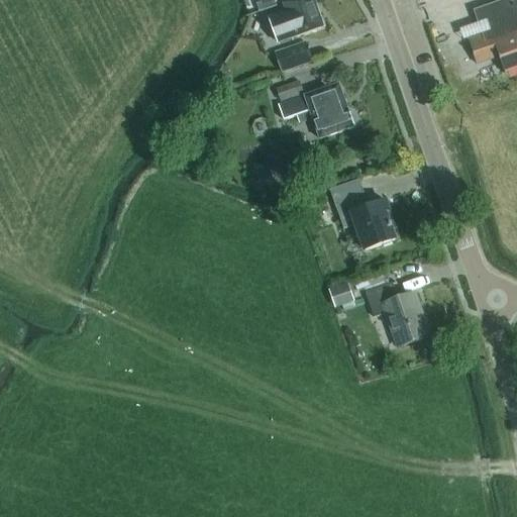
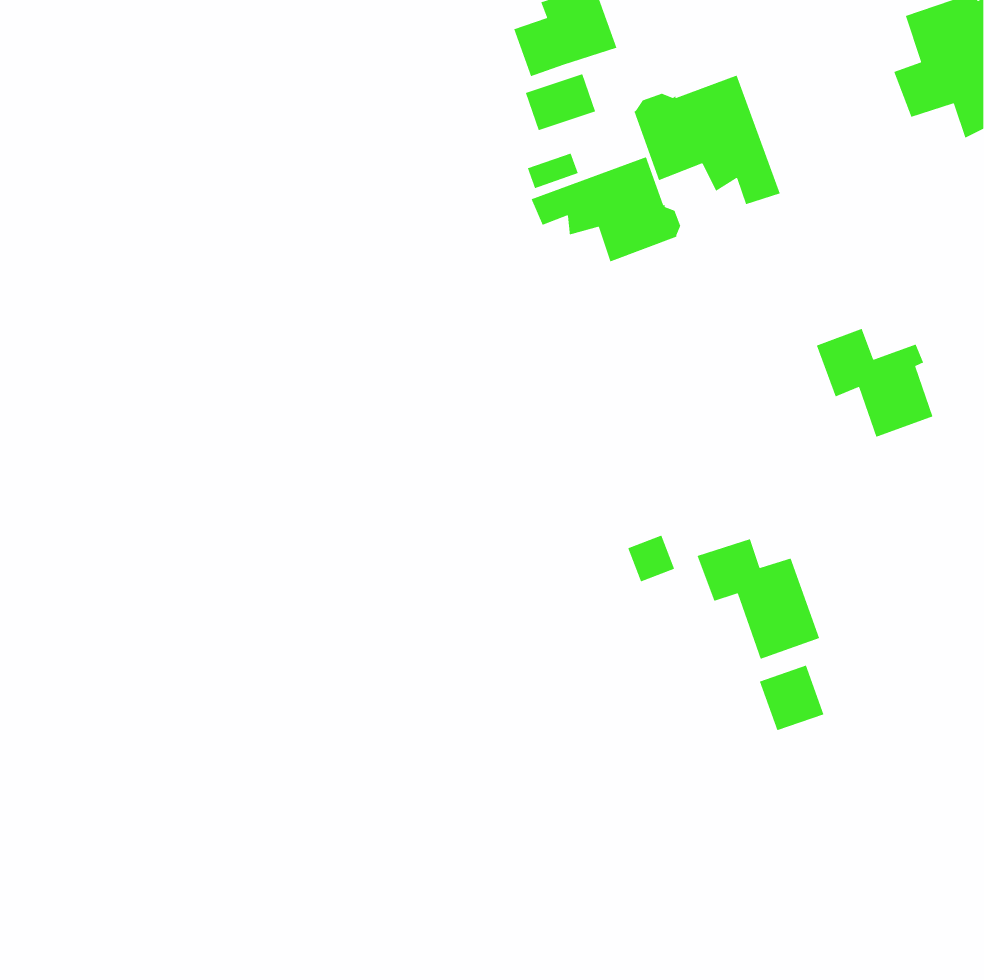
building: none -> [633,75,781,205]
building: [333,191,395,248] -> [816,328,934,438]
building: none -> [759,665,825,731]

